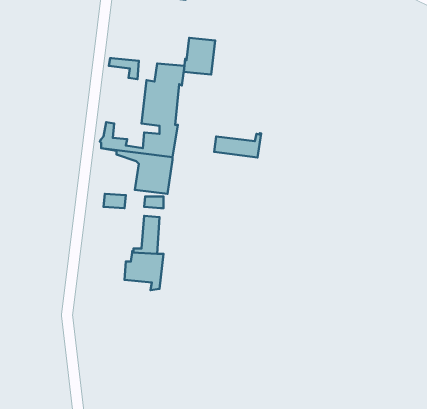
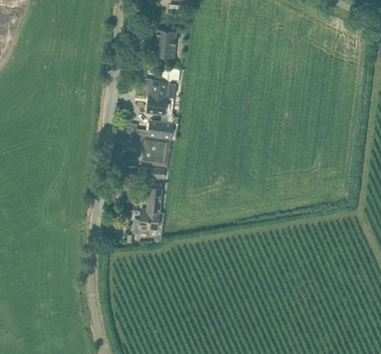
building: [184,38,215,74] -> [152,29,176,57]
building: [214,133,261,157] -> none

